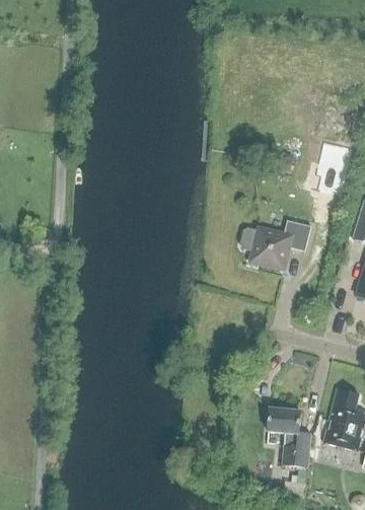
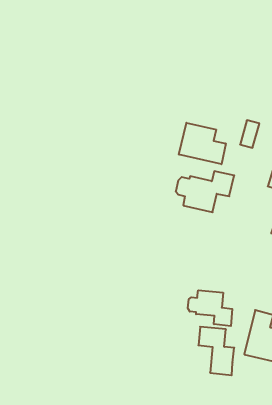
building: none -> [179,123,226,164]
building: none -> [188,290,232,326]

